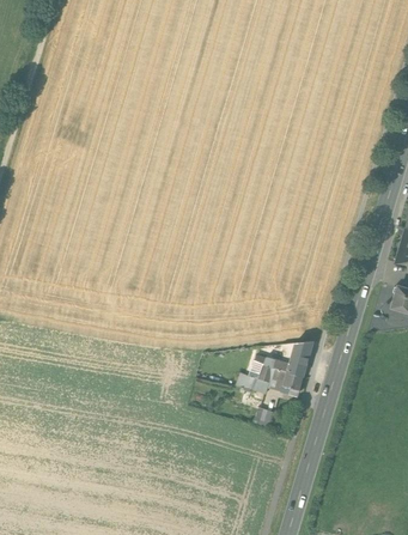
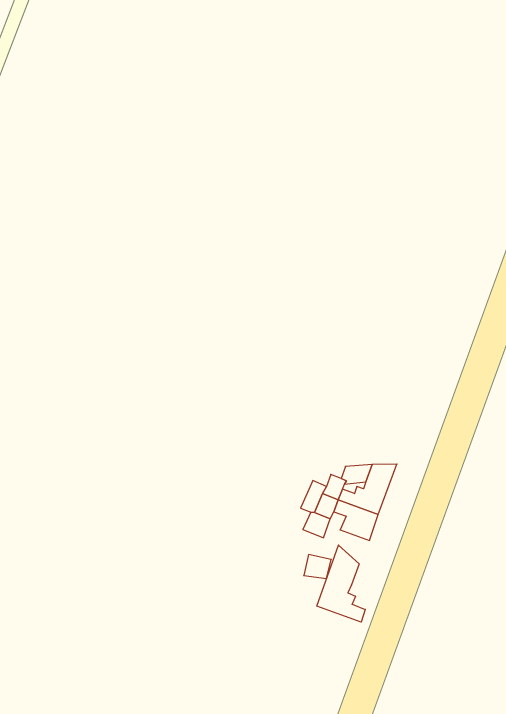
building: none -> [317,545,365,622]

